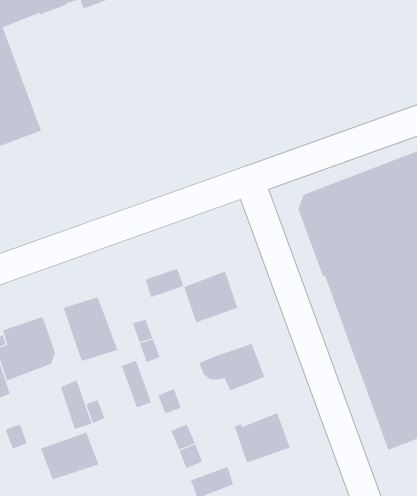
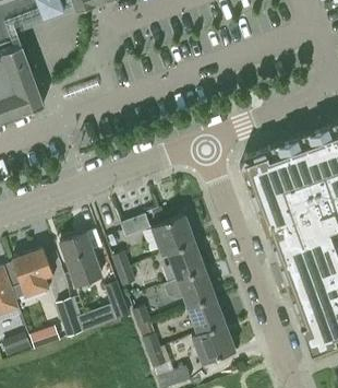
building: none -> [167,242,205,279]
building: none -> [188,295,225,333]
building: [40,432,99,480] -> none

